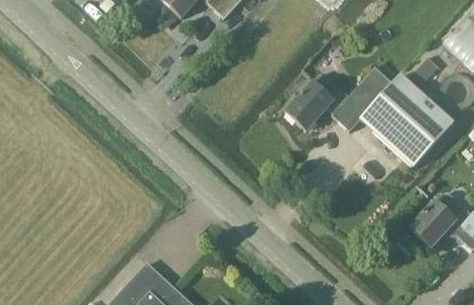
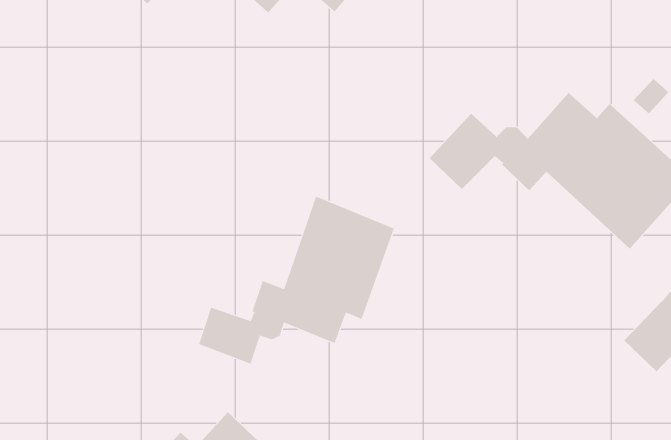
building: none -> [199,196,394,365]

